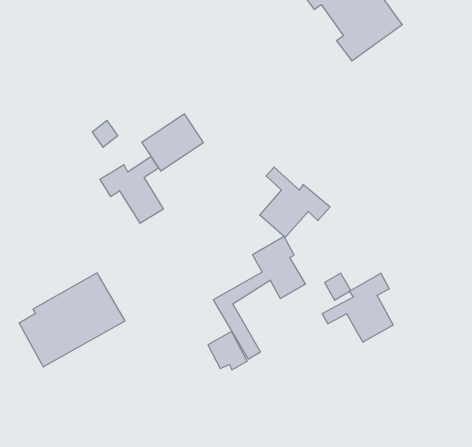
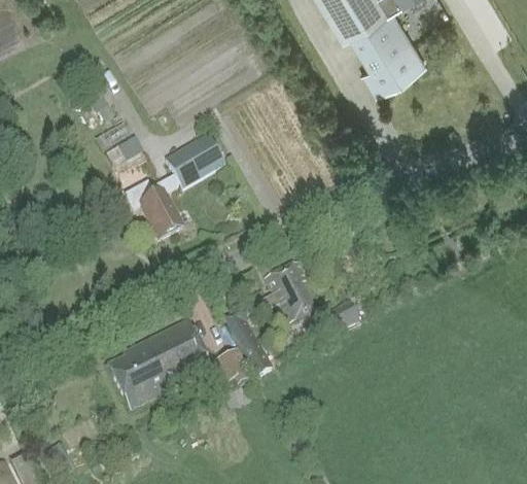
building: [260,167,330,237] -> none
building: [19,273,125,367] -> [108,319,211,407]
building: [322,273,393,342] -> none

